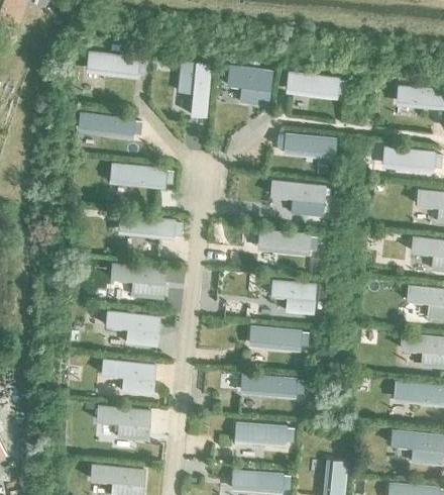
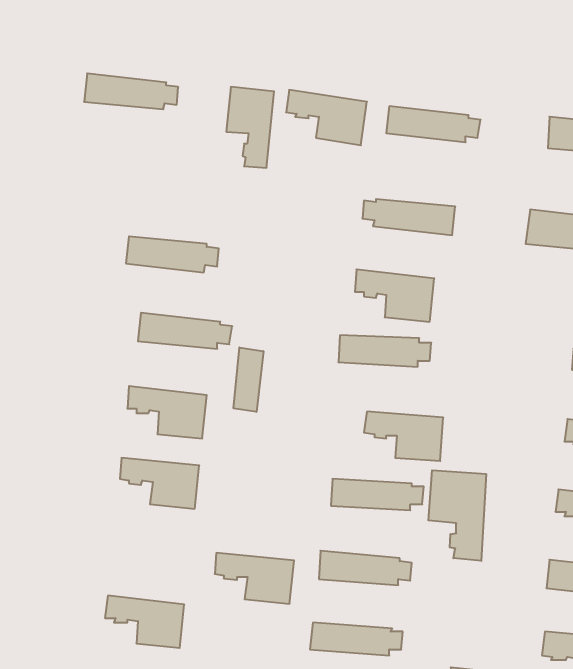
building: [78,113,141,137] -> none
building: none -> [234,347,263,412]
building: none -> [428,470,486,561]
building: [101,360,154,394] -> [215,553,294,604]

